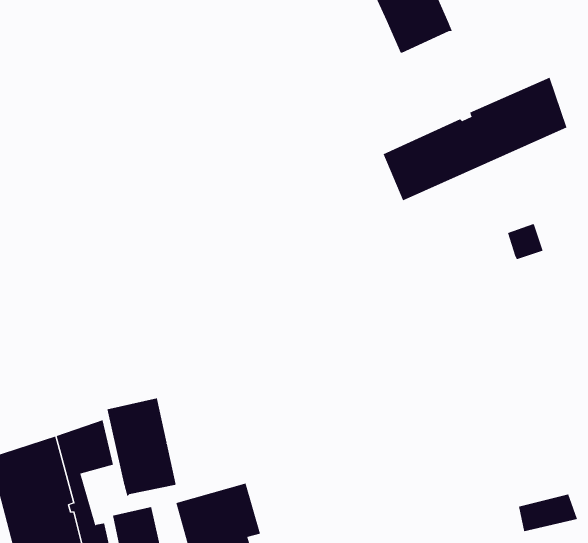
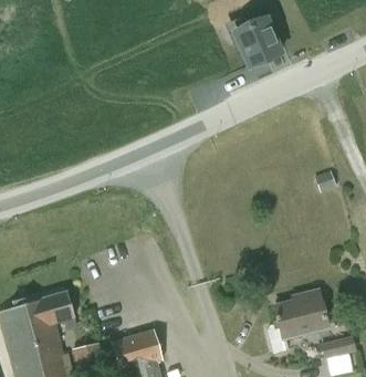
building: [383,77,567,201] -> none
building: [107,398,176,497] -> none
building: none -> [268,290,327,352]

